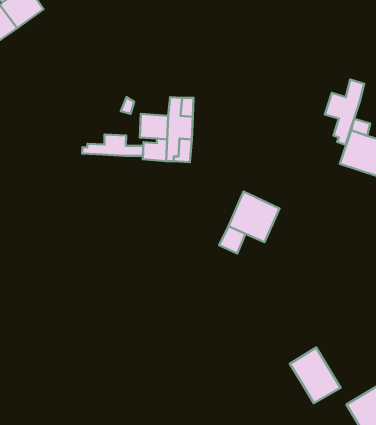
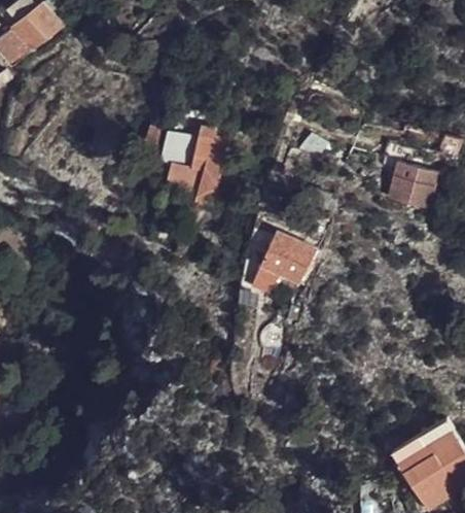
building: [325,80,364,145] -> none
building: [82,134,143,156] -> none
building: [290,347,341,403] -> none

